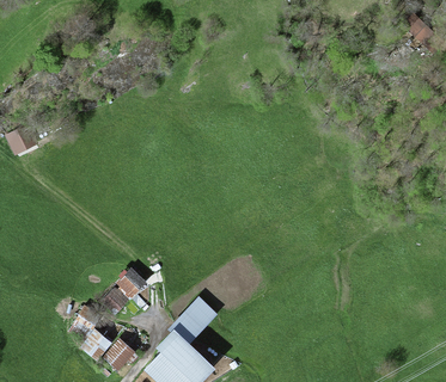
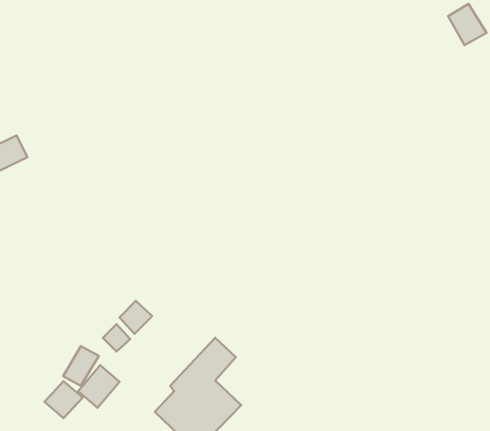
building: [103,338,136,370] -> [44,381,83,418]

